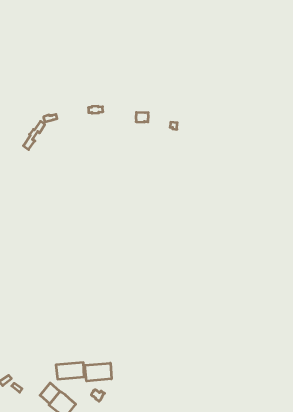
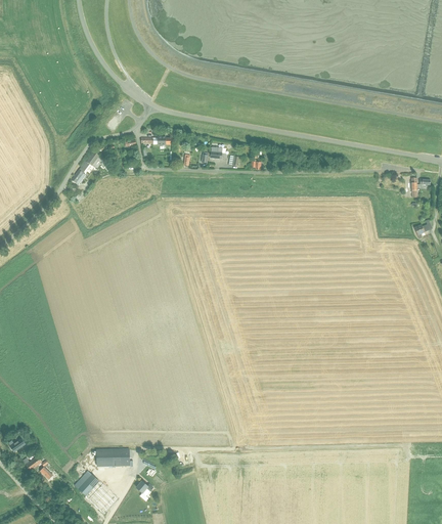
building: [85,363,111,381] -> none

